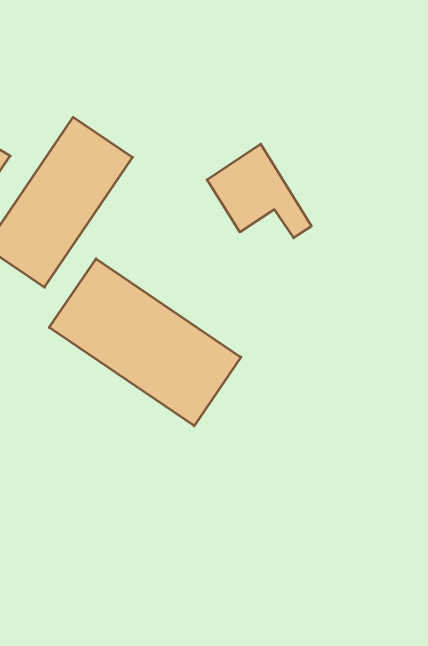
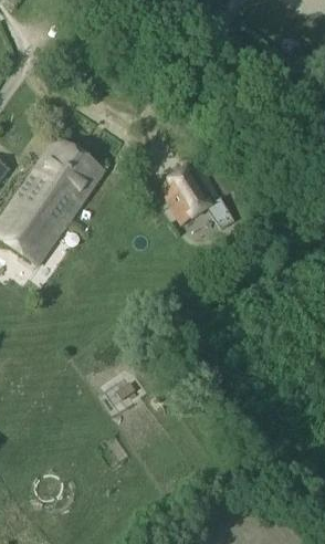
building: [49,259,241,426] -> none

